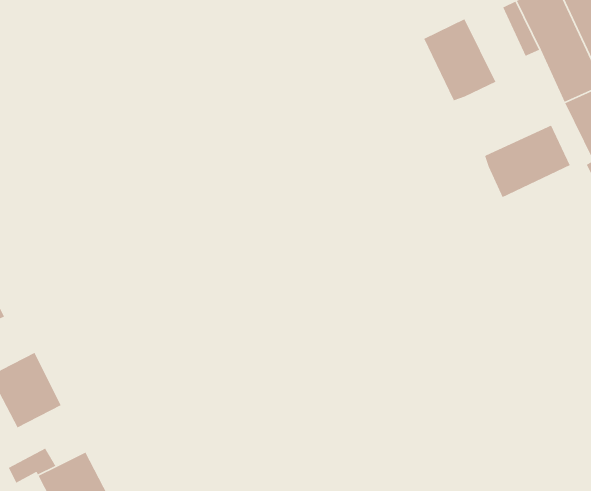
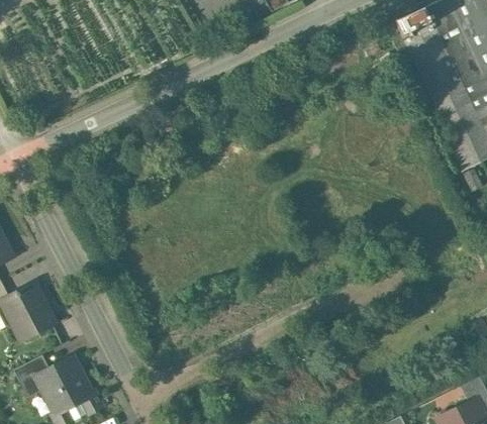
building: [423,18,497,101] -> none
building: [484,125,571,198] -> none

